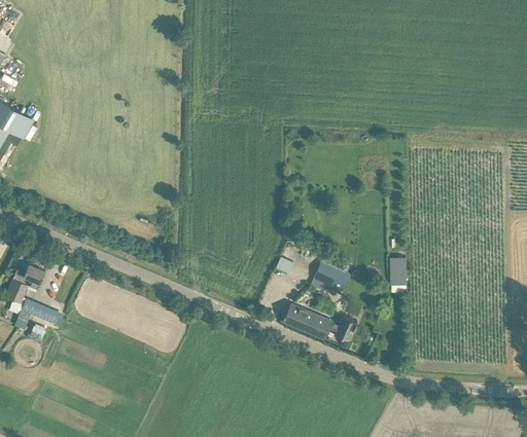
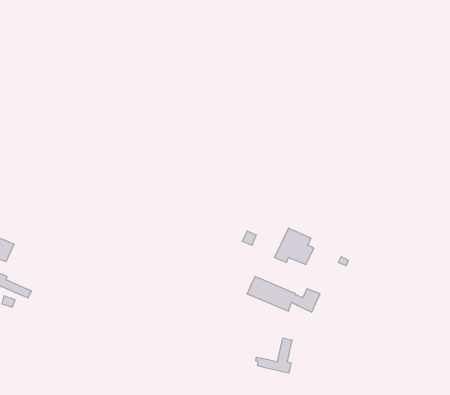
building: [391,257,407,283] -> none
building: none -> [256,338,292,373]

